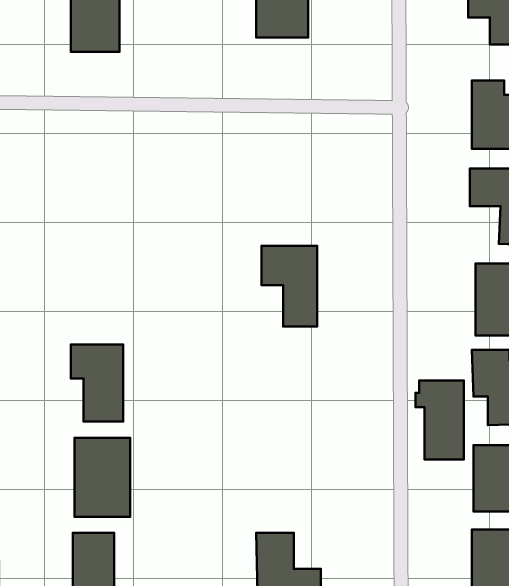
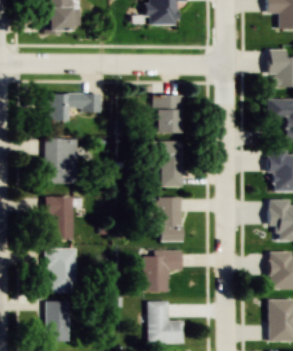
building: none -> [45,93,100,121]
building: none -> [154,95,182,133]
building: none -> [45,139,80,183]
building: [415,380,464,459] -> [155,197,182,241]
building: none -> [144,251,182,291]

